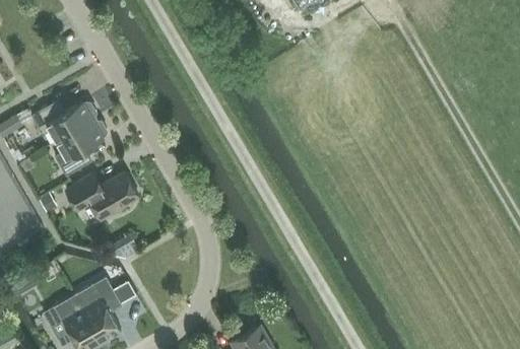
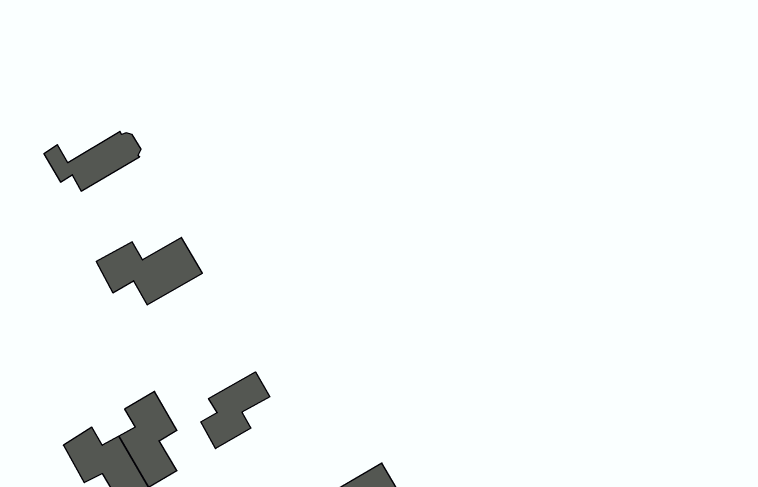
building: [55,118,108,176] -> none
building: none -> [201,372,270,449]

